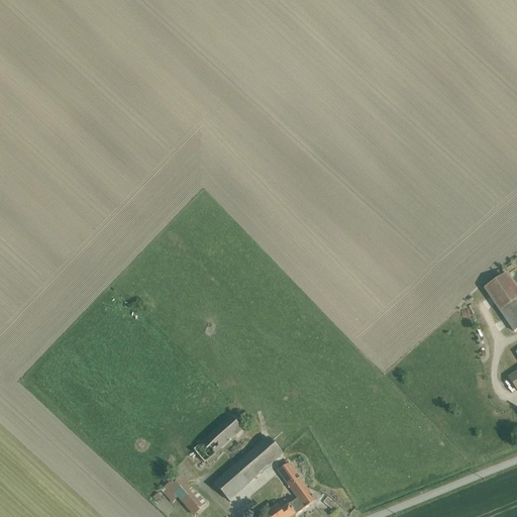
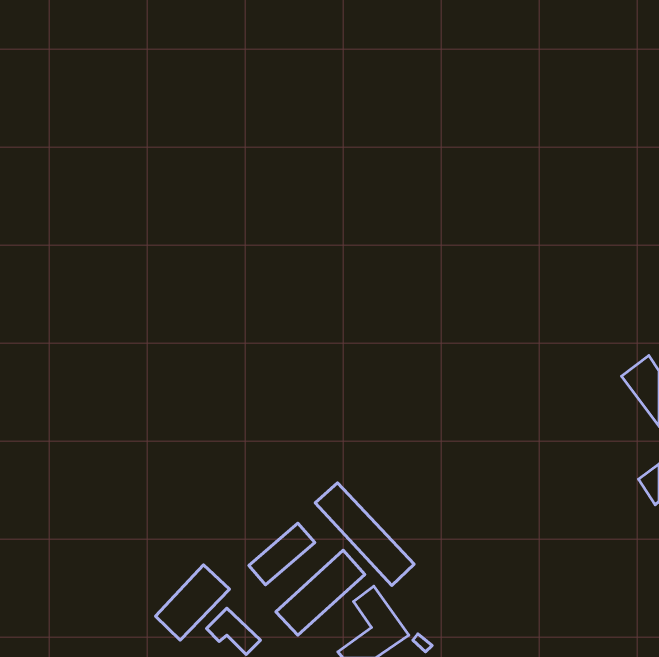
building: none -> [315,483,414,586]
building: none -> [156,565,229,640]

